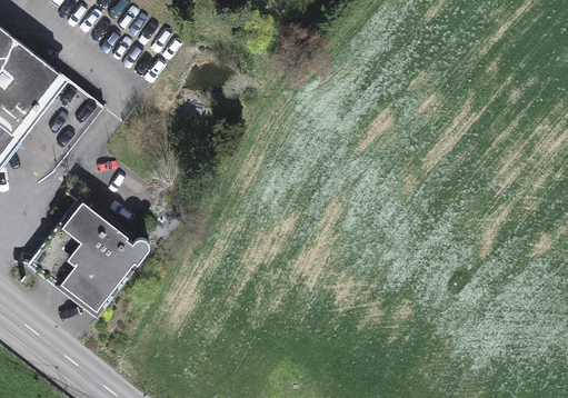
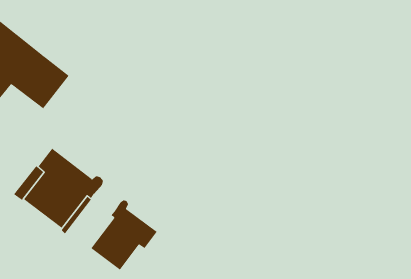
building: none -> [91,200,157,271]

